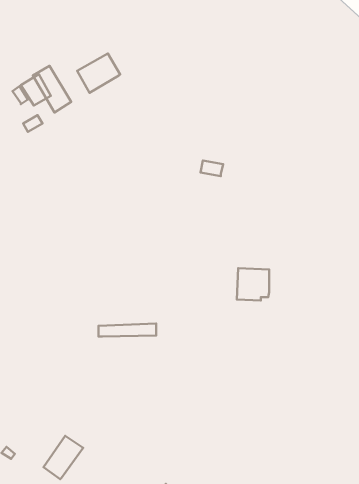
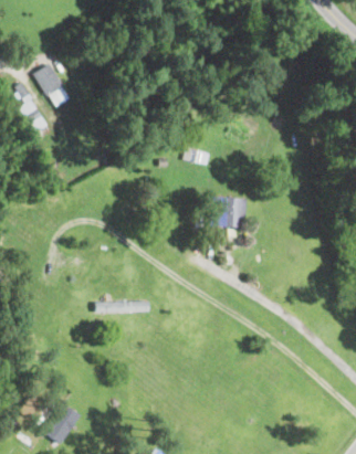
building: [77,54,120,93] -> none
building: [237,268,269,301] -> [216,198,245,228]

